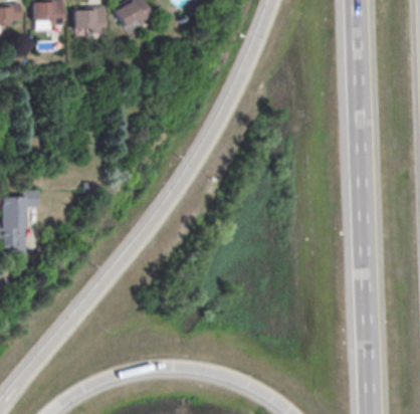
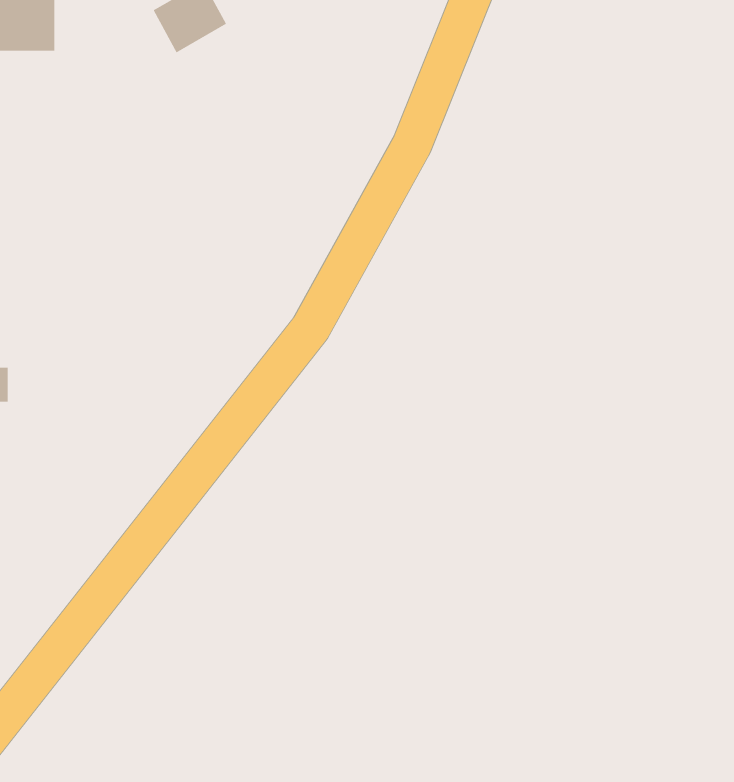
building: [74,7,104,32] -> none

